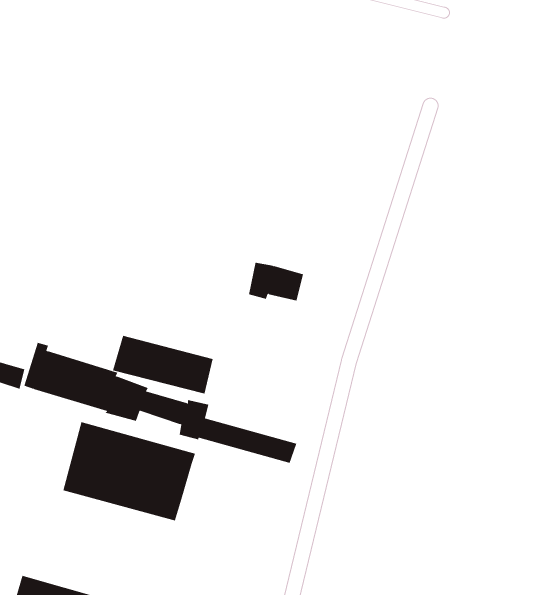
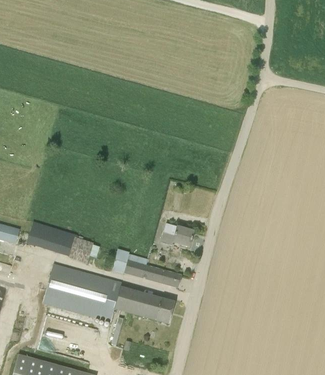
building: [248,262,304,301] -> [160,223,193,246]
building: [112,335,214,394] -> [113,287,173,322]

